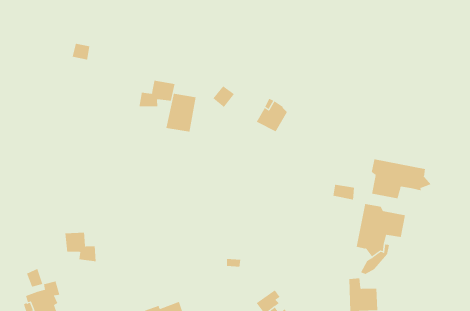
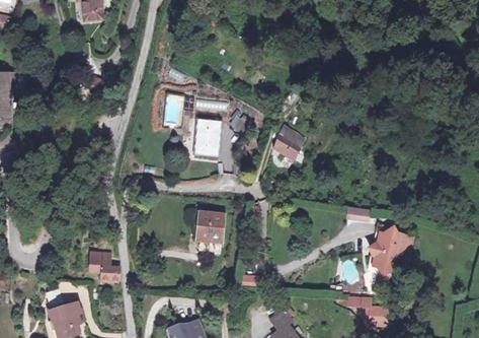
building: [139,80,175,107] -> none
building: [371,158,431,199] -> none
building: none -> [195,209,221,241]

